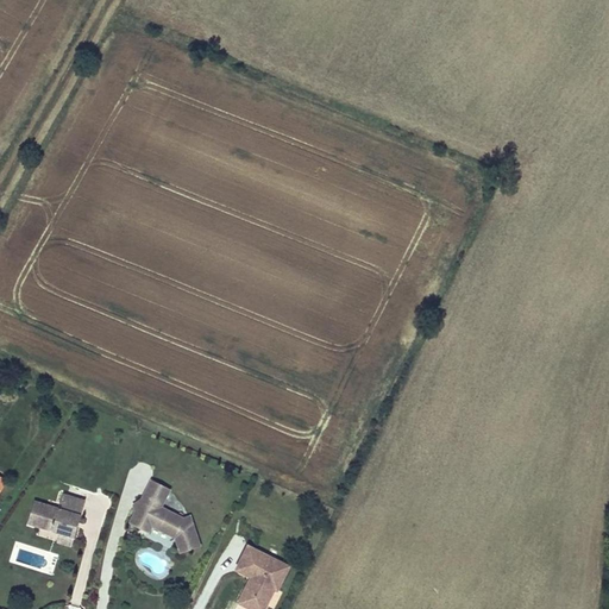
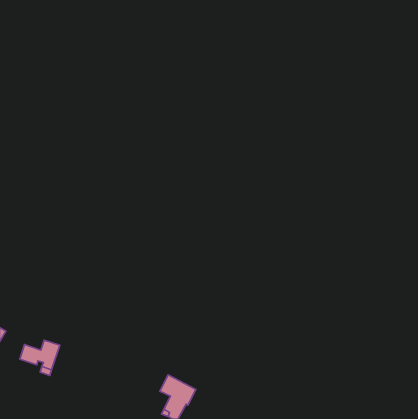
building: [130,479,200,553] -> none

